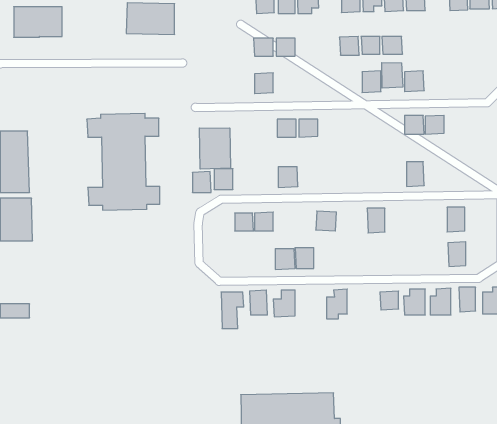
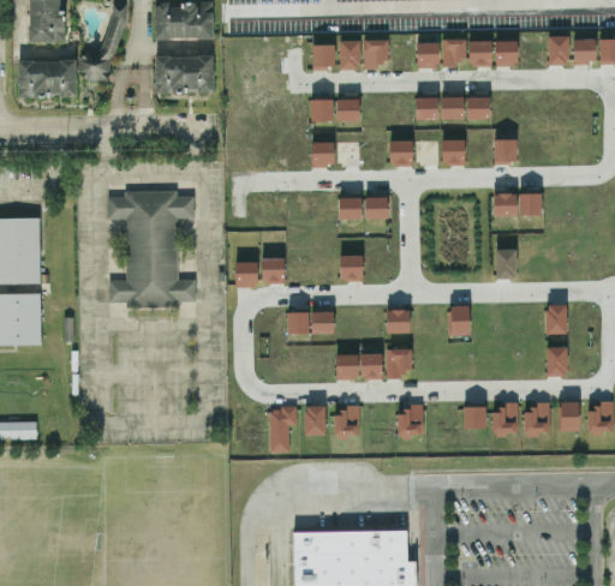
building: [382,63,403,88] -> none
building: none -> [390,139,413,166]
building: [200,128,230,169] -> none
building: none -> [387,348,412,378]

